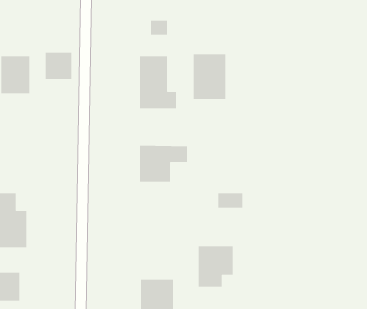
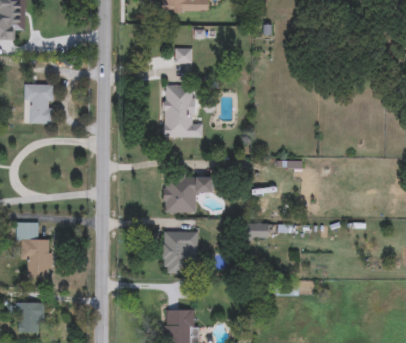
building: [45,52,72,80] -> none
building: [193,54,226,100] -> none
building: [198,246,233,287] -> [163,230,199,272]

